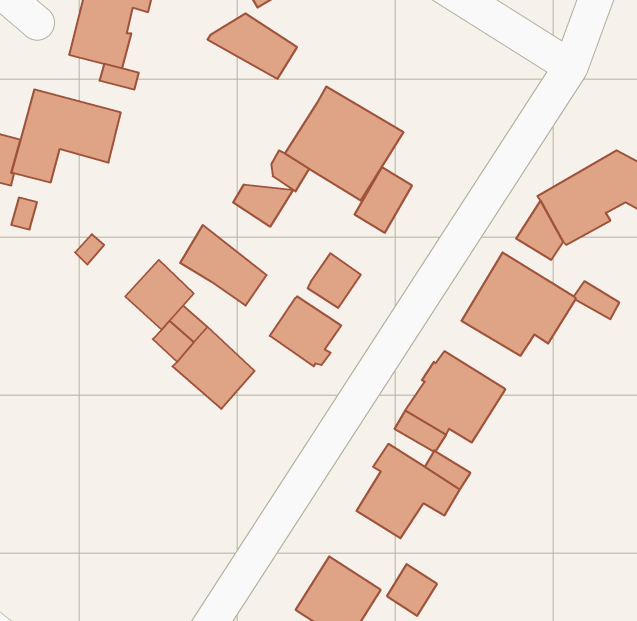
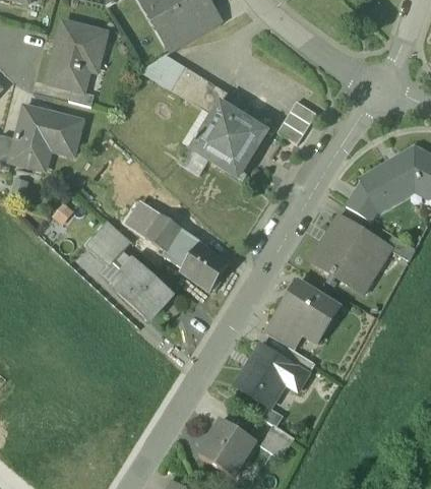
building: none -> [186,77,227,115]
building: [354,167,412,233] -> [276,101,315,144]
building: [233,184,293,227] -> none
building: [308,253,361,308] -> [163,231,198,267]

